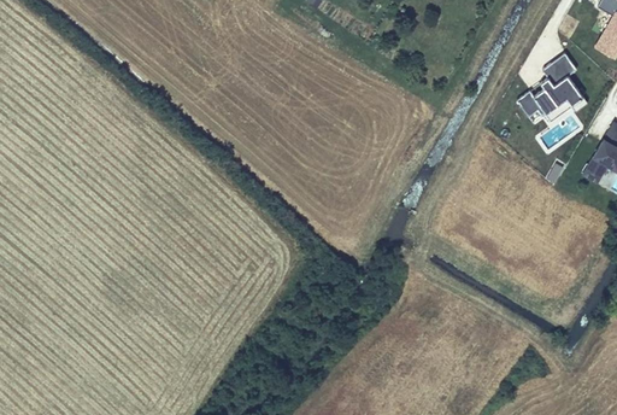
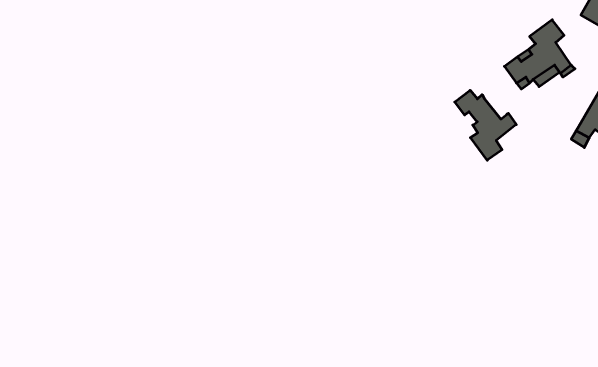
building: none -> [455,90,516,160]

